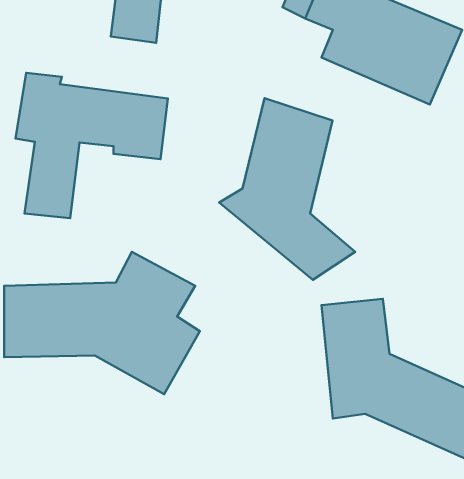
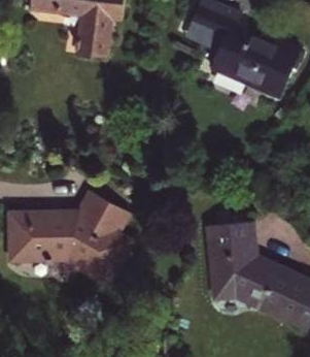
building: [16,73,168,218] -> none
building: [219,98,355,280] -> none

